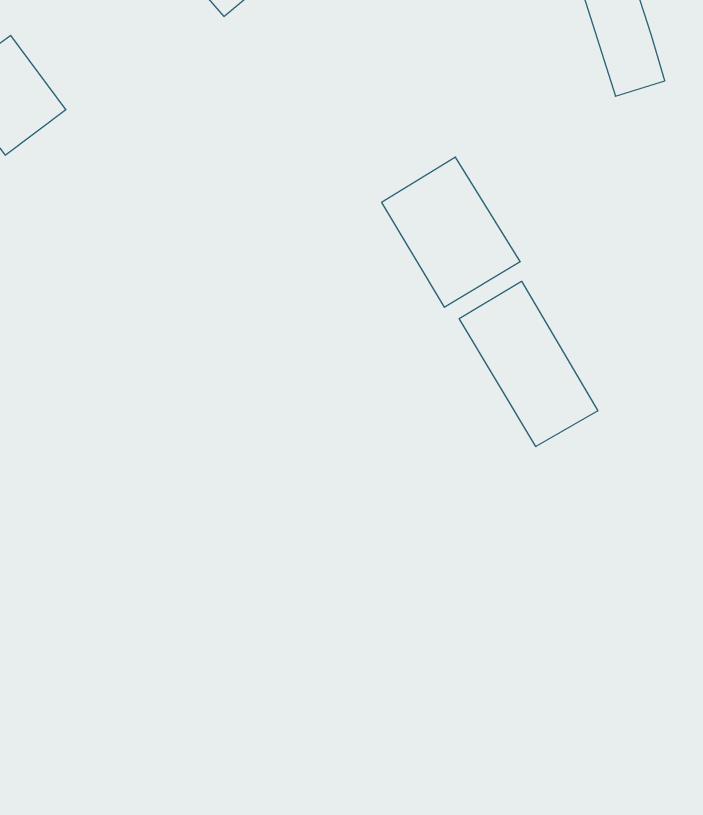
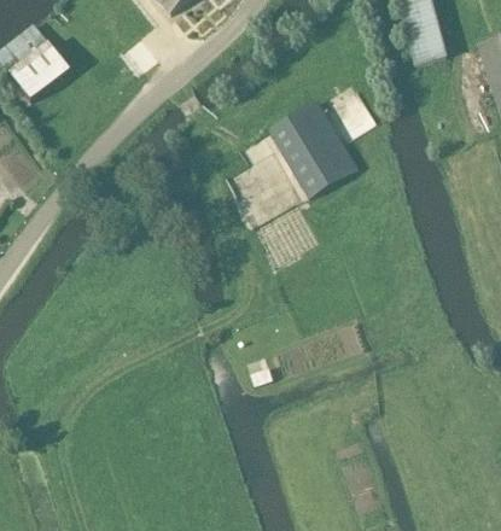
building: [459,281,598,447] -> none

